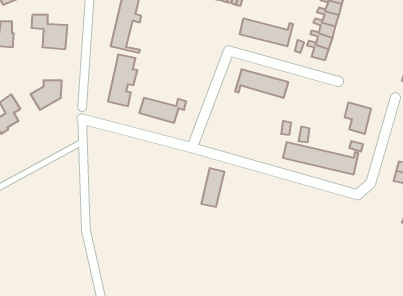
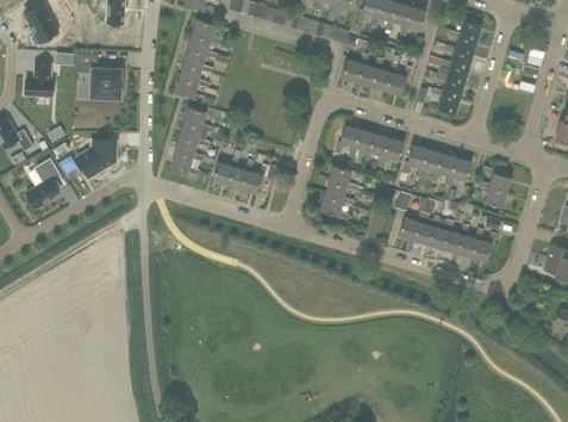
building: none -> [405,145,474,181]
building: [201,168,224,207] -> [322,166,351,216]

